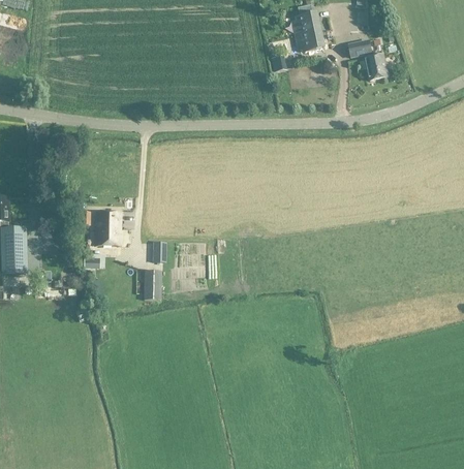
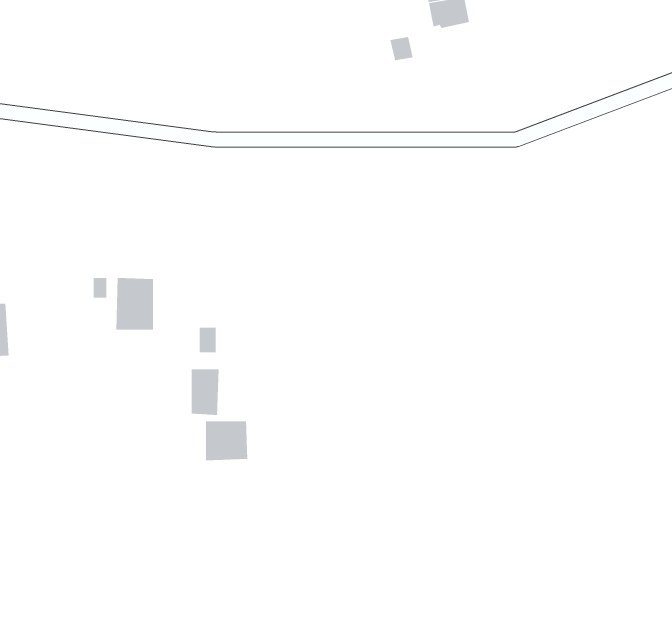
building: [348,40,386,81] -> none
building: none -> [205,420,248,461]

